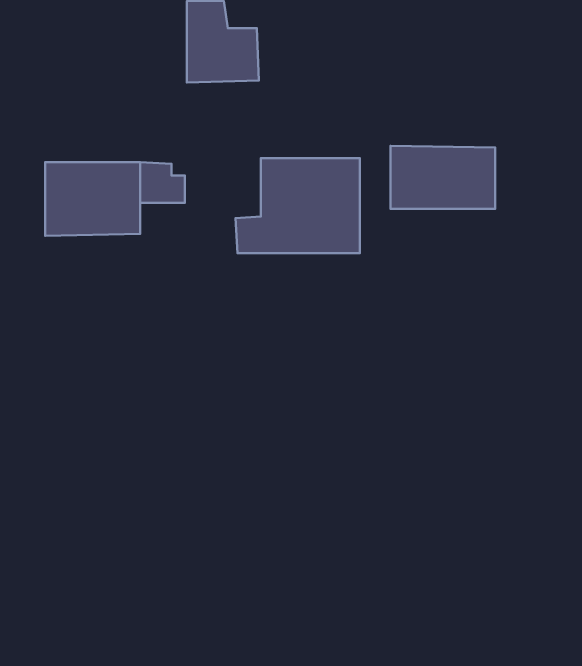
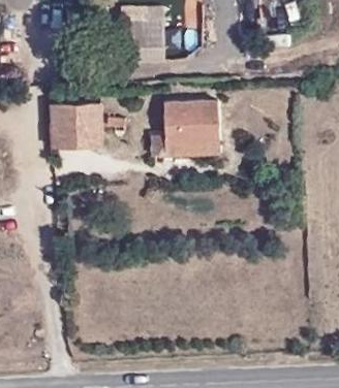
building: [390,146,495,209] -> none

